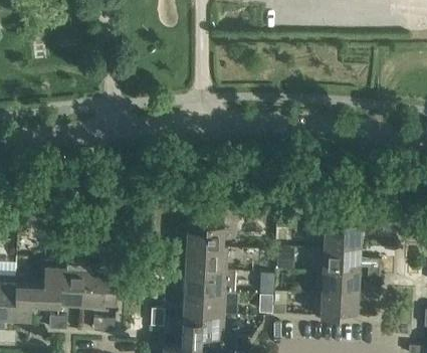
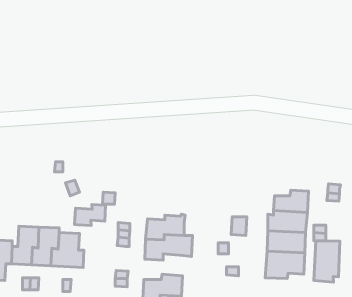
building: [186,220,224,256] -> none
building: none -> [75,205,106,226]
building: none -> [314,241,340,282]
building: [182,294,225,322] -> none

